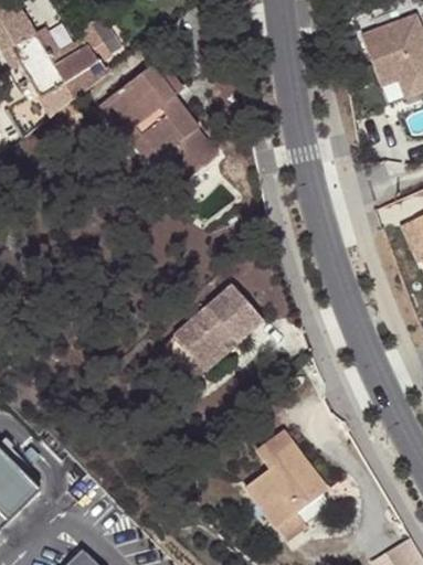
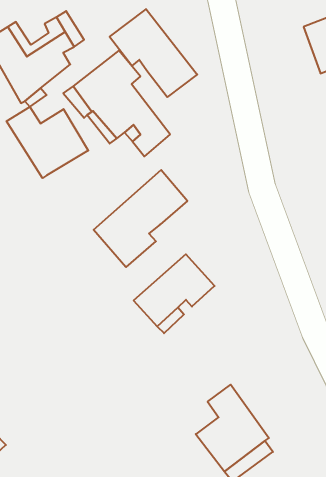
building: none -> [110,9,197,97]
building: none -> [7,107,88,178]
building: none -> [94,170,187,267]

